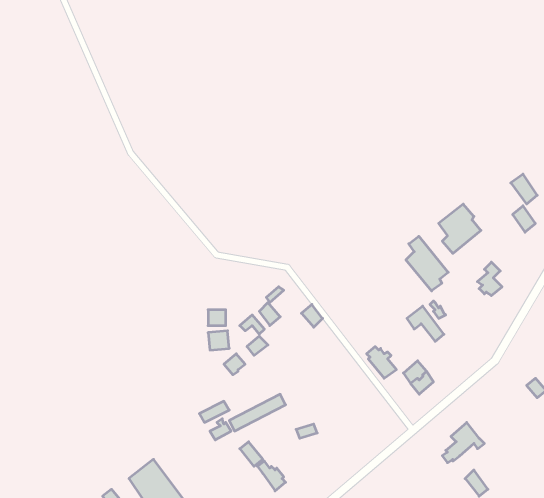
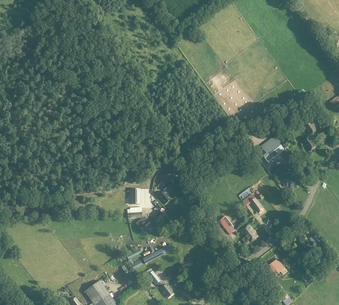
building: [406,236,448,291] -> none

